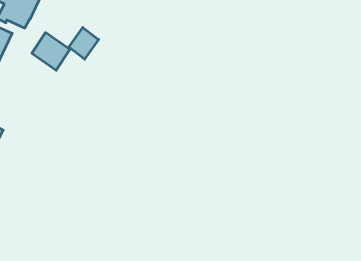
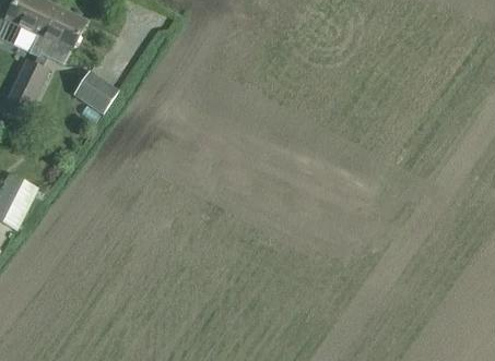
building: [69,27,99,59] -> none

